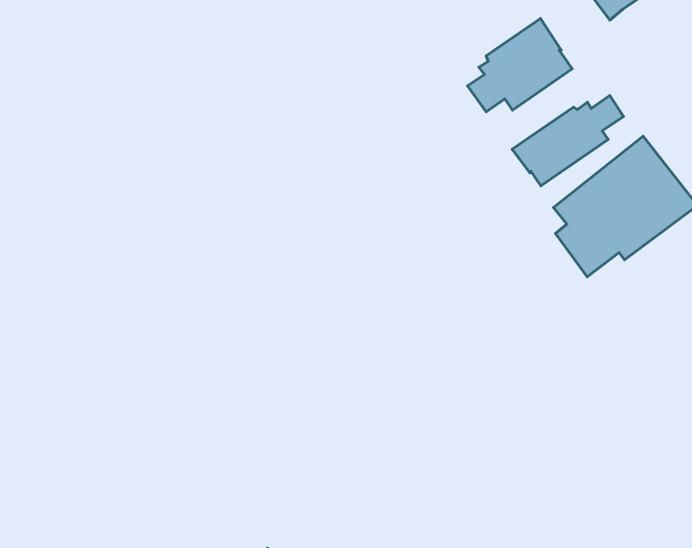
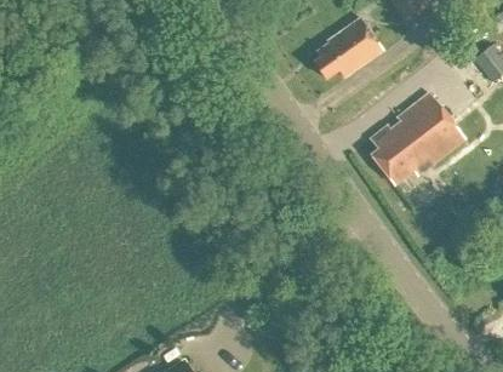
building: [512,95,624,186] -> none

